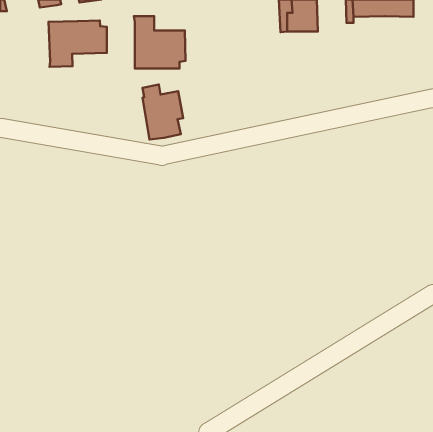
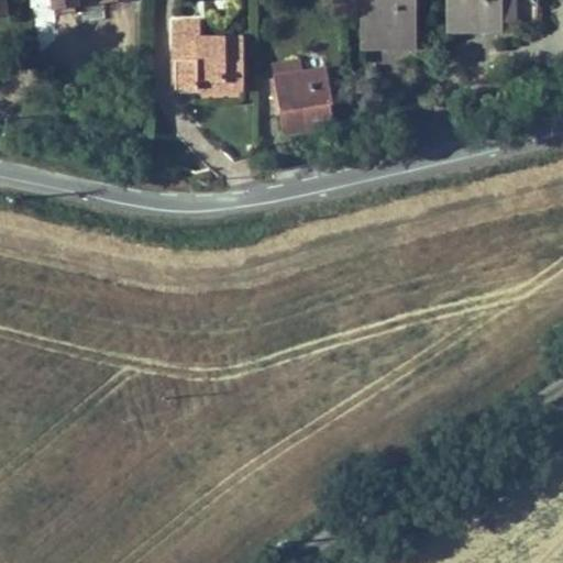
building: [49,21,107,67] -> none
building: [143,84,183,139] -> [276,60,329,132]

